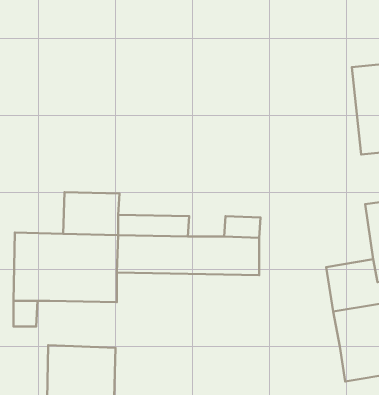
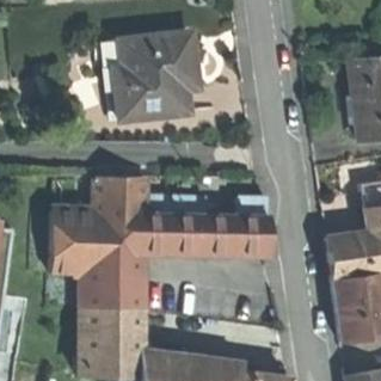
building: none -> [111,33,195,122]
building: none -> [79,269,140,311]

